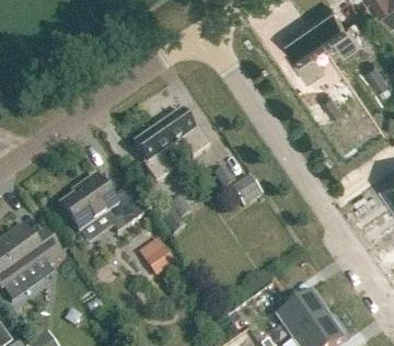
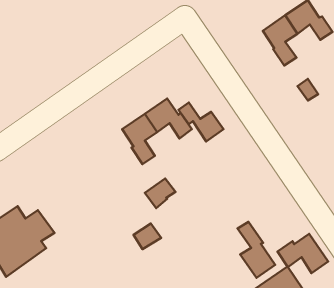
building: [215,163,263,205] -> [178,103,224,142]
building: [60,173,144,230] -> none
building: none -> [238,222,275,278]
building: none -> [278,234,328,273]

